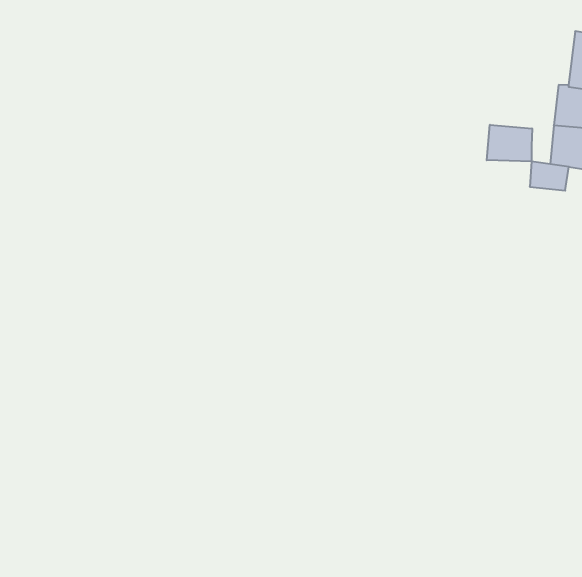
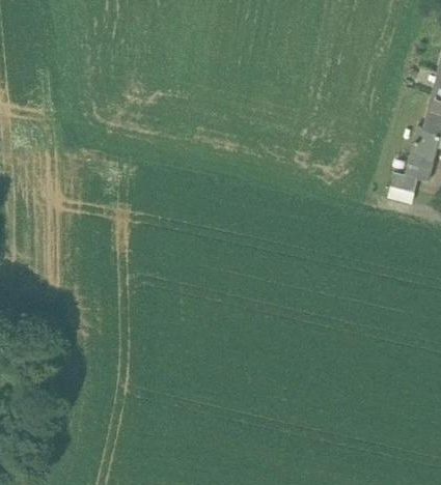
building: [487,125,532,162] -> none

